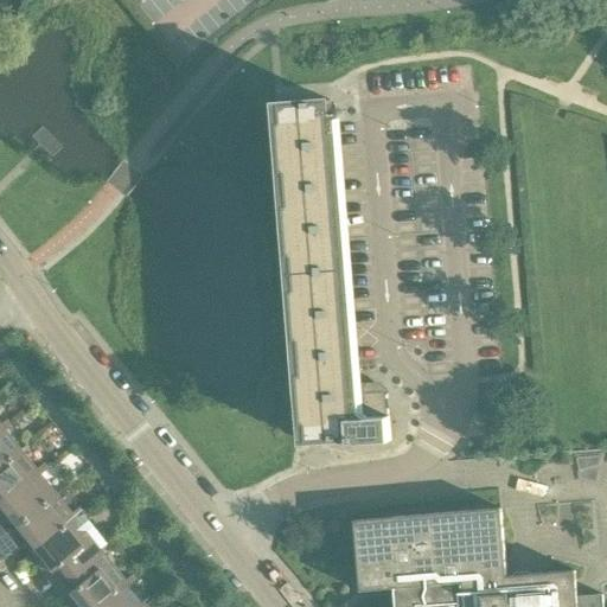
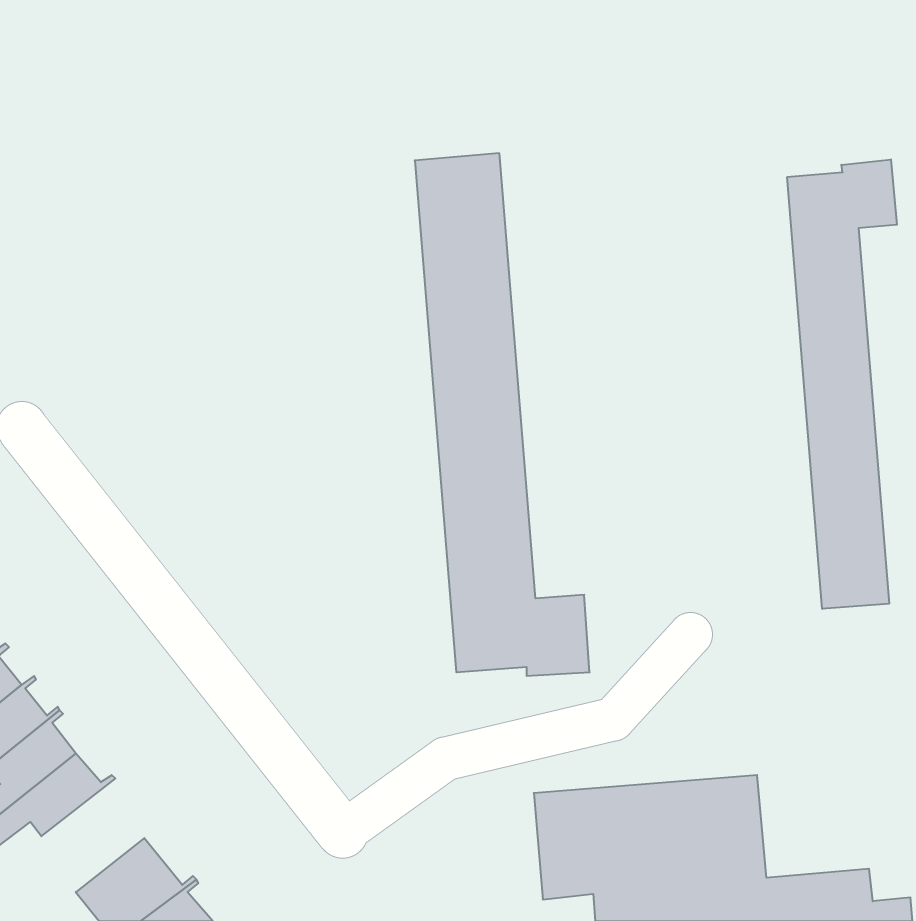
building: none -> [787,159,897,609]
building: [27,512,95,587] -> none

